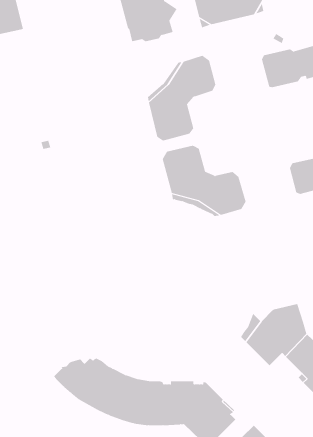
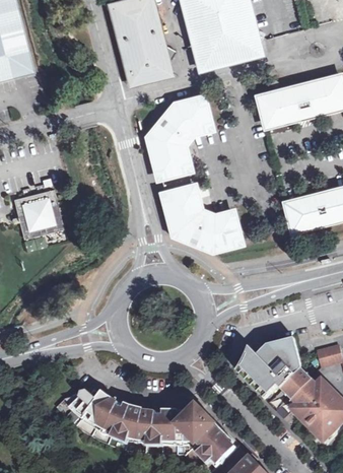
building: none -> [14,189,64,240]

